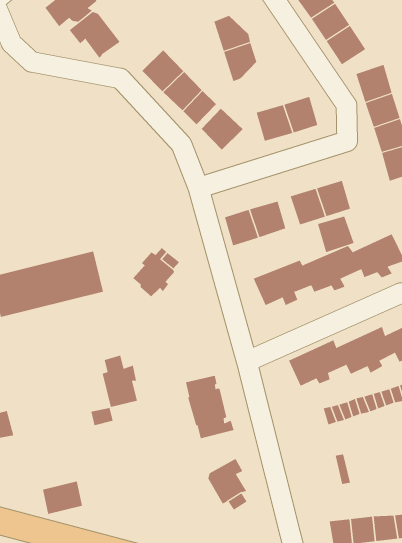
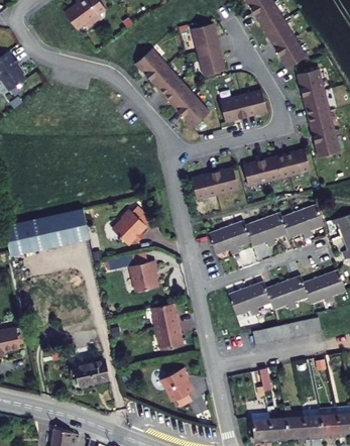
building: [69,11,121,59] -> none
building: [317,216,354,253] -> [278,154,306,182]
building: [102,355,138,408] -> [134,249,160,289]
building: [42,481,83,515] -> [79,357,109,381]

